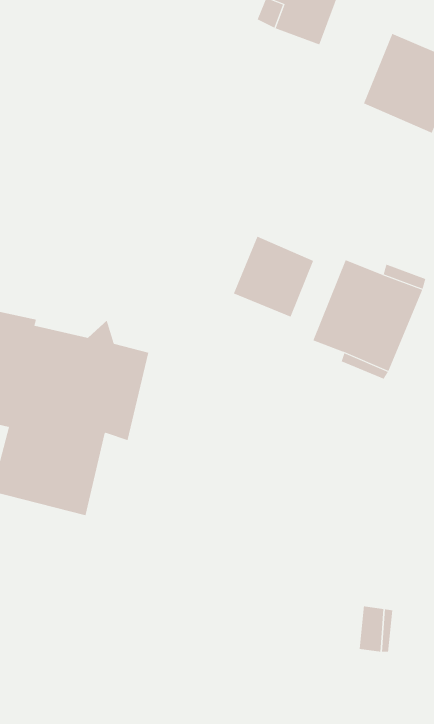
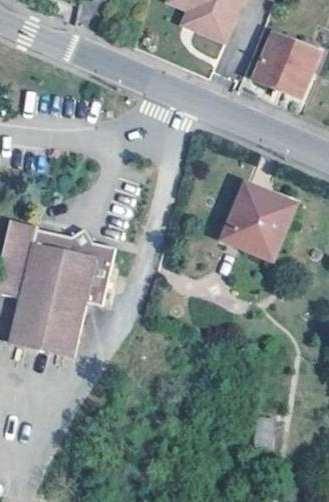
building: [233,236,314,318] -> none

